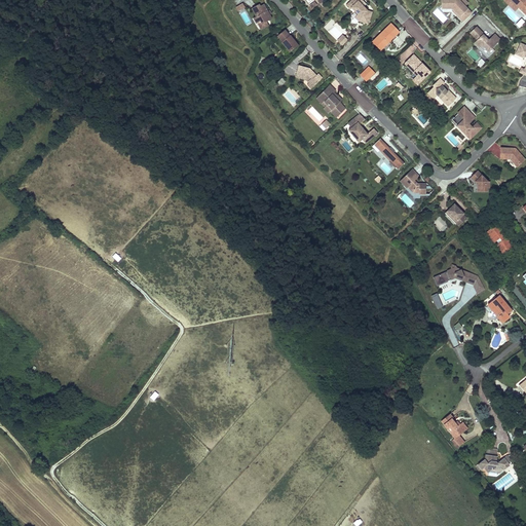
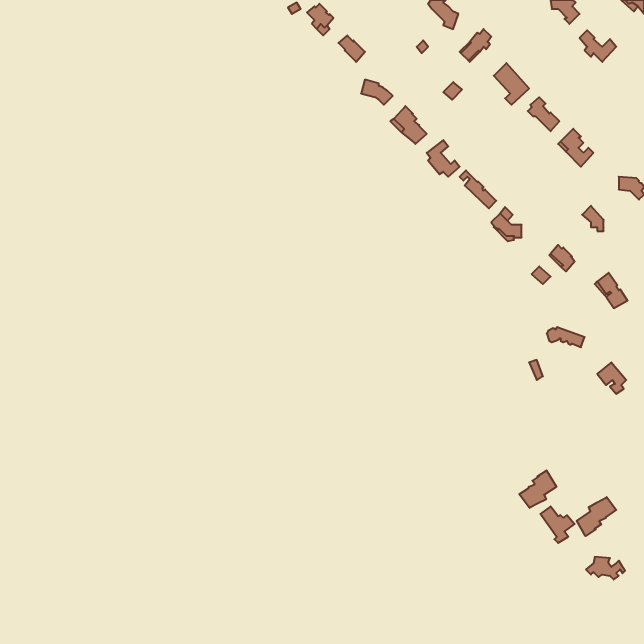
building: none -> [519,470,556,508]
building: none -> [577,497,616,536]

